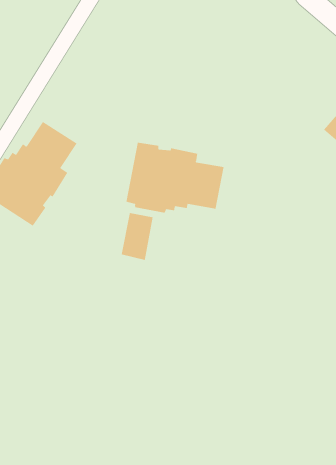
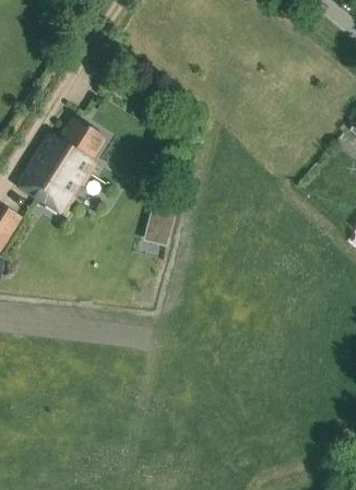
building: [126,142,224,213] -> none

